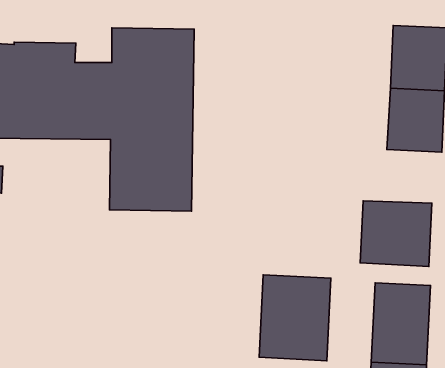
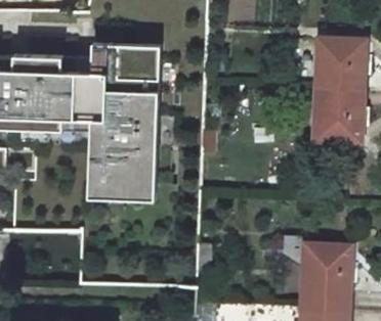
building: [360,201,432,266] -> none
building: [259,275,331,361] -> none

